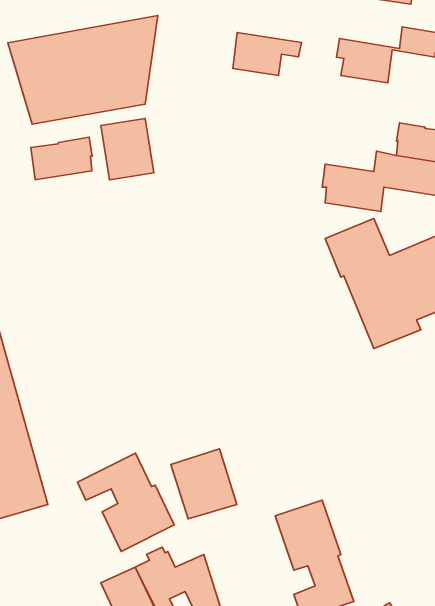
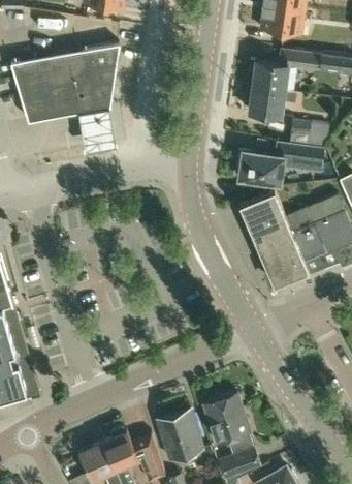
building: [233,33,301,76] -> [248,87,297,118]
building: [31,137,92,180] -> none
building: [171,449,237,519] -> [157,410,204,460]
building: [78,453,174,551] -> none

